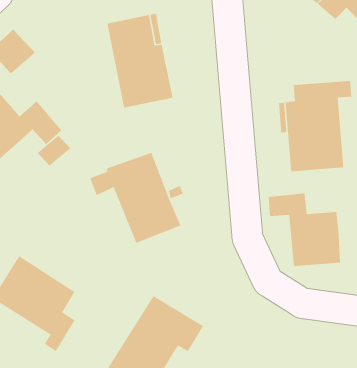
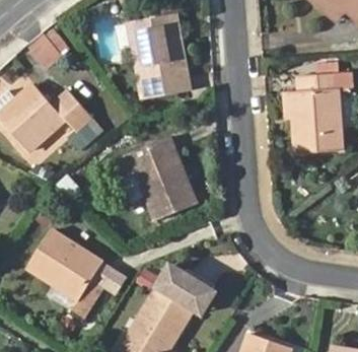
building: [268,192,341,267] -> none

